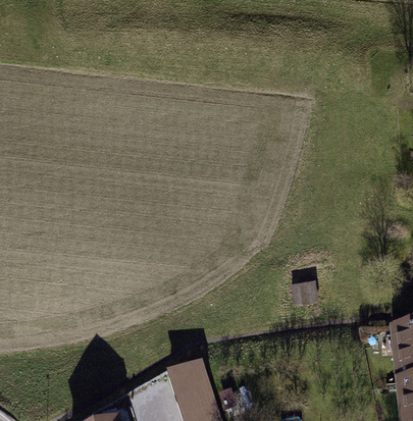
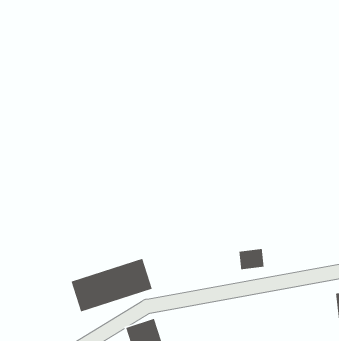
building: none -> [70,258,153,313]

